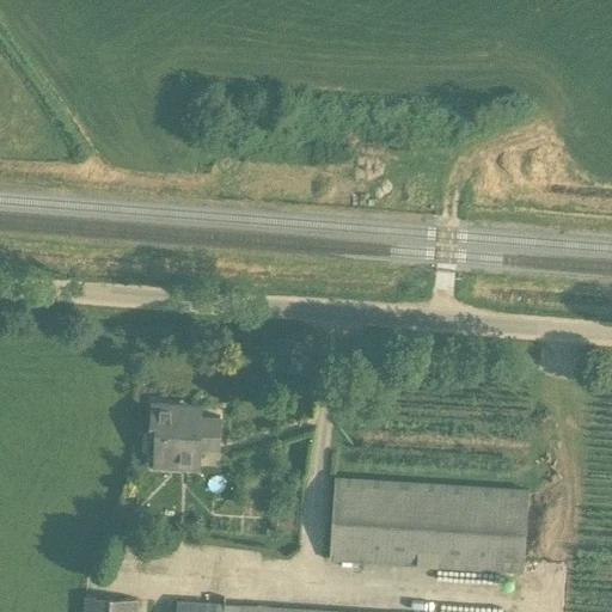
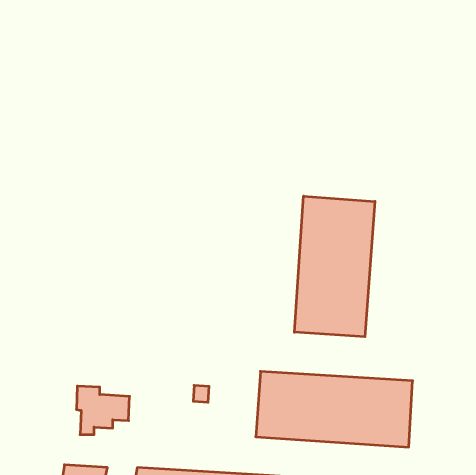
building: none -> [294,196,375,337]
building: [151,405,219,467] -> [76,386,130,435]

